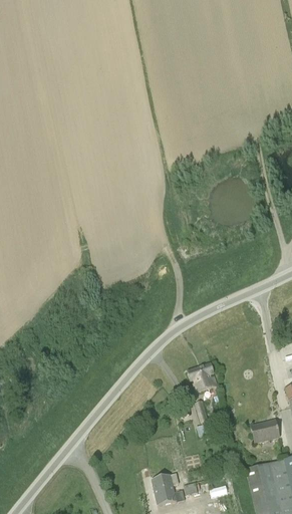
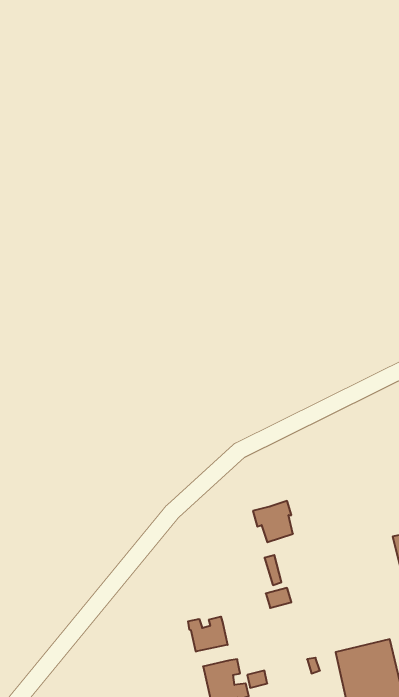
building: [252,419,281,442] -> none
building: none -> [188,617,228,652]

